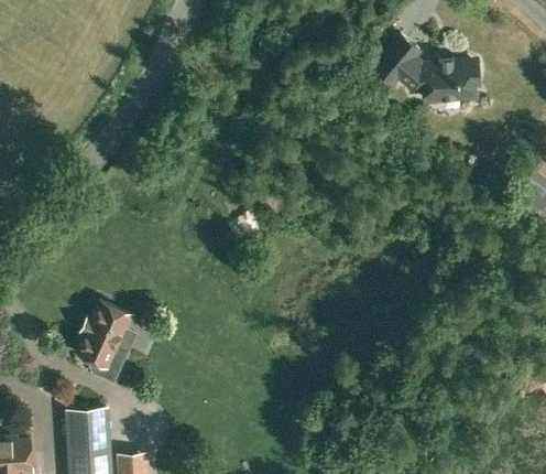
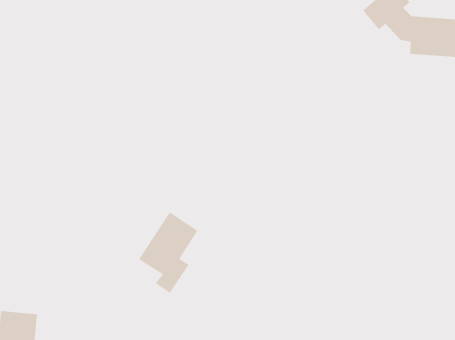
building: [76,302,130,381] -> [138,211,198,294]

